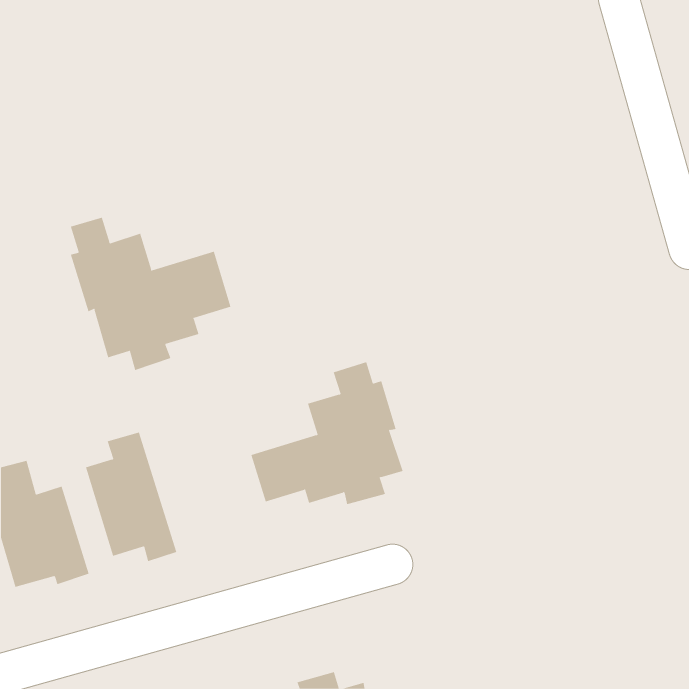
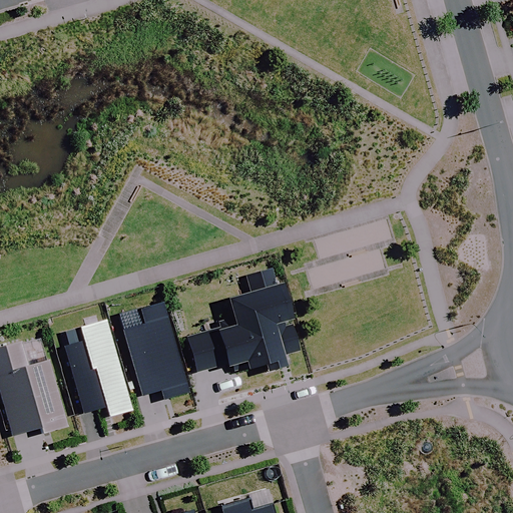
building: [70,217,231,371] -> none
building: none -> [118,303,189,399]

